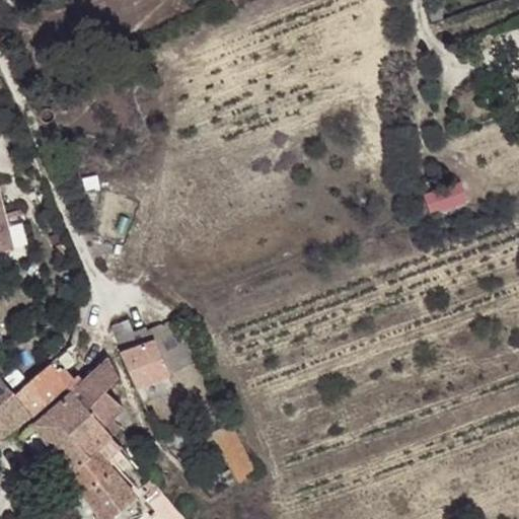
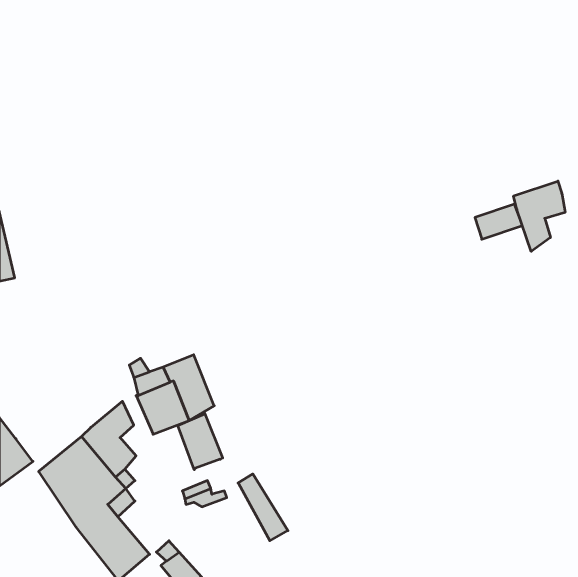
building: none -> [514,181,565,251]
building: [14,348,81,415] -> none
building: none -> [178,414,223,470]

